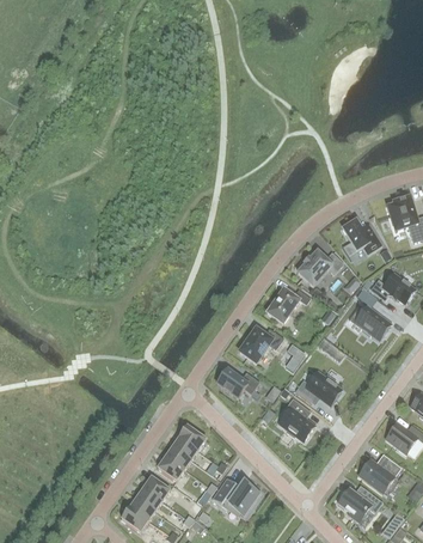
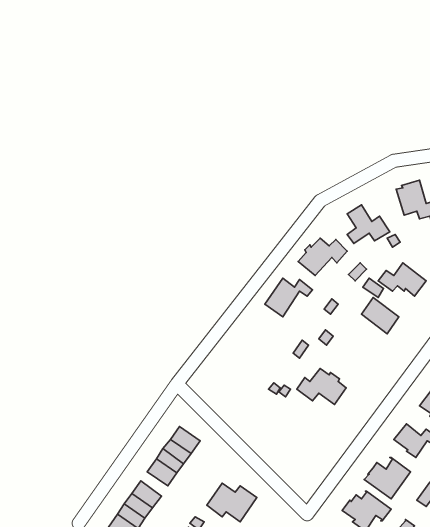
building: [238,327,283,362] -> none
building: [216,368,259,397] -> none
building: [278,398,314,440] -> none

